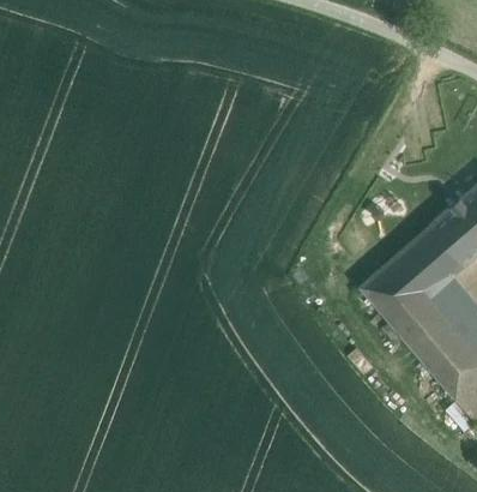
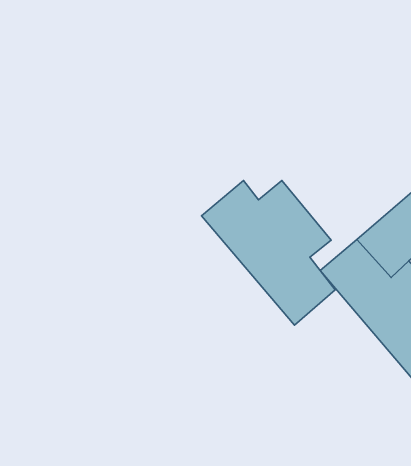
building: none -> [201,180,335,325]

